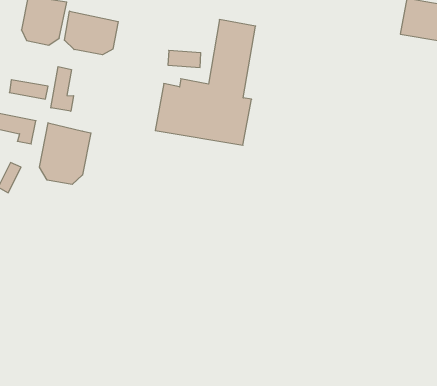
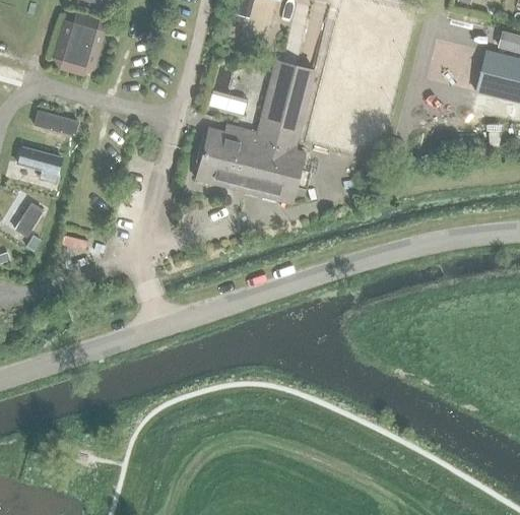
building: [64,11,118,55] -> none
building: [51,67,74,111] -> none
building: [40,123,91,184] -> none

